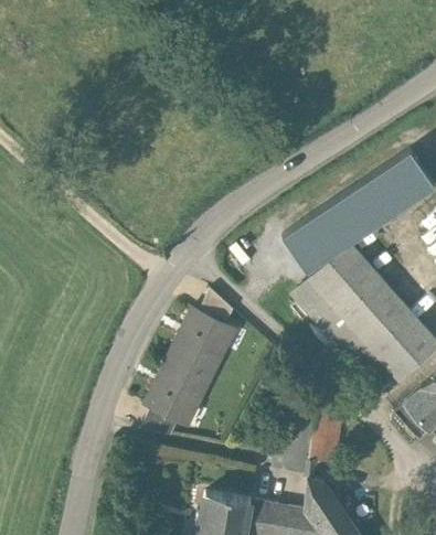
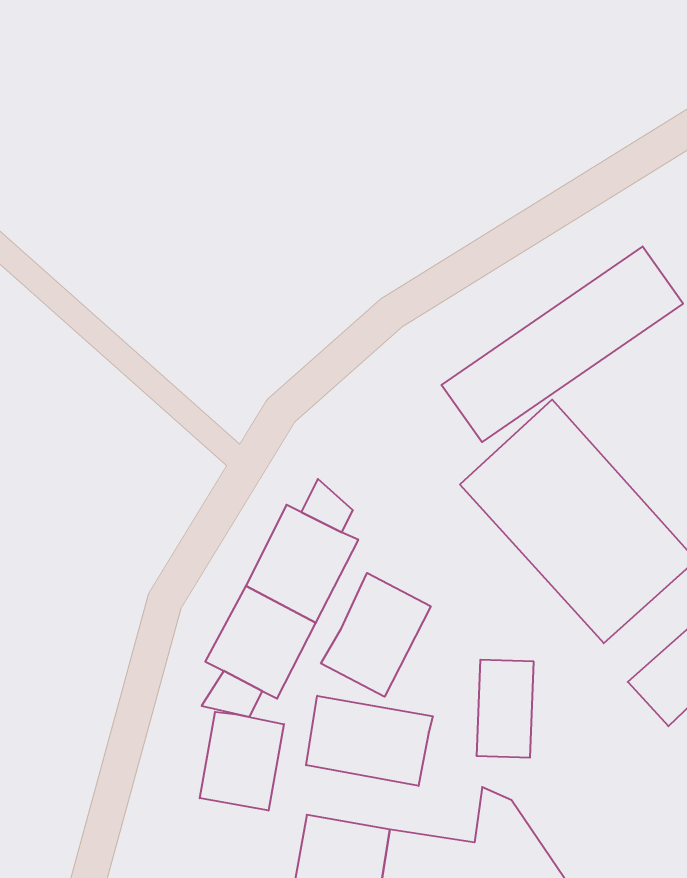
building: none -> [321,573,431,697]
building: none -> [306,696,433,786]
building: none -> [200,712,284,811]

